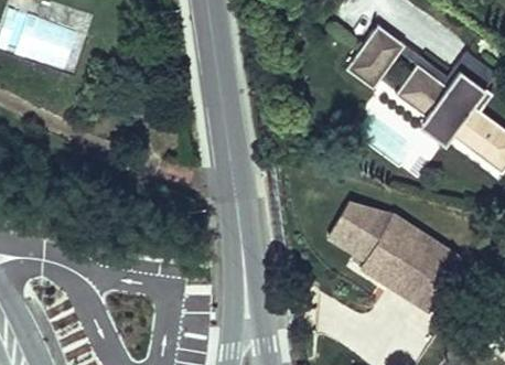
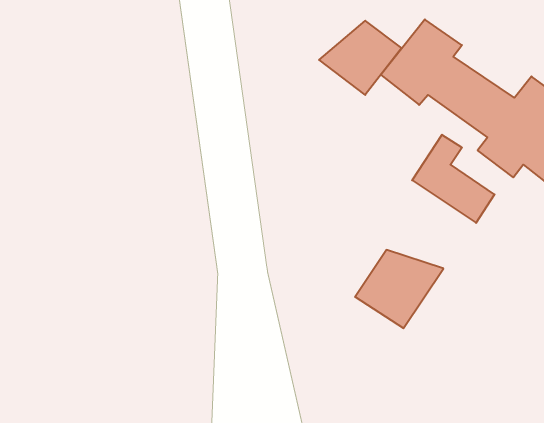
building: none -> [319,21,401,95]
building: [359,214,463,313] -> none

